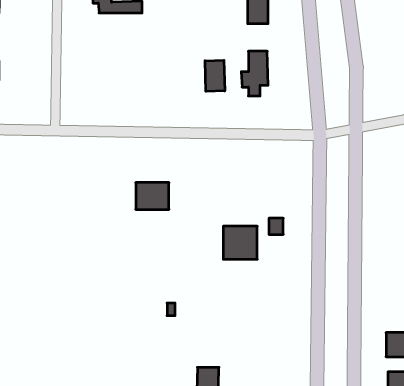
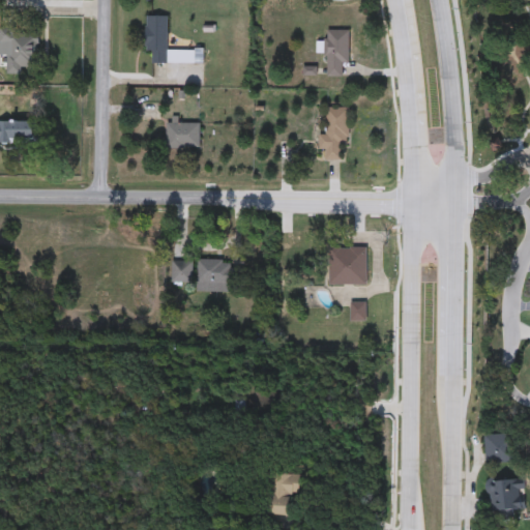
building: [205,60,225,91] -> none
building: none -> [166,120,200,148]
building: none -> [165,260,193,283]
building: [223,226,257,259] -> [328,246,367,285]

